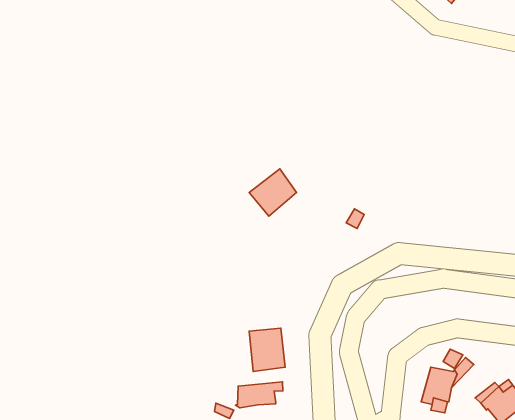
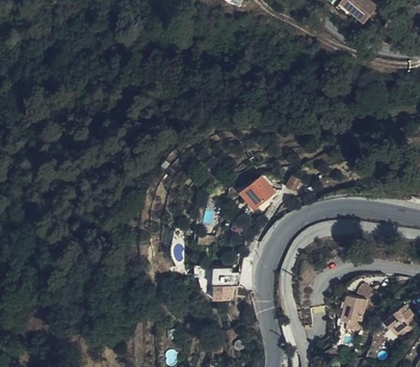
building: [249,169,297,216] -> [238,175,273,210]
building: [235,382,283,408] -> none

